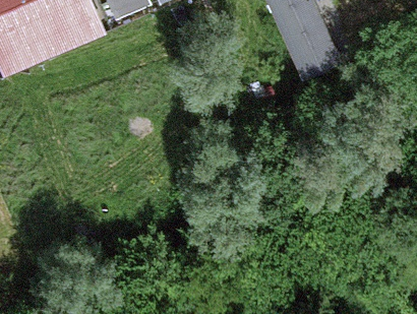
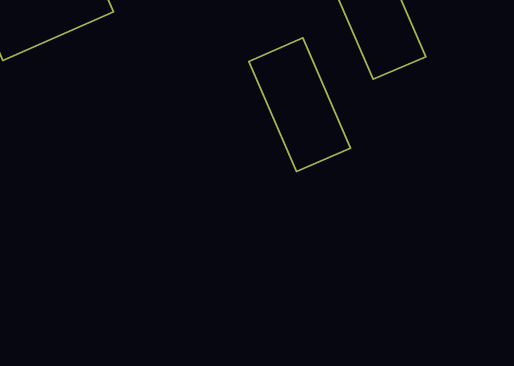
building: none -> [249,38,350,172]

